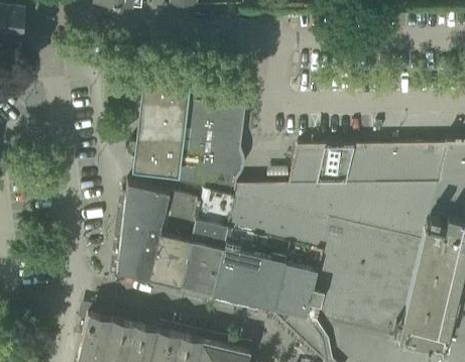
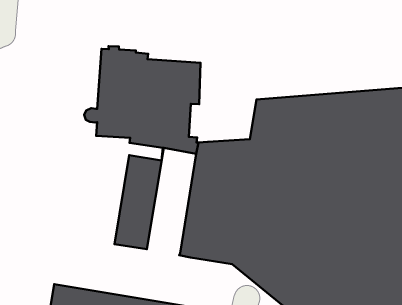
building: [117,180,169,276] -> none
building: [181,186,235,290] -> none

